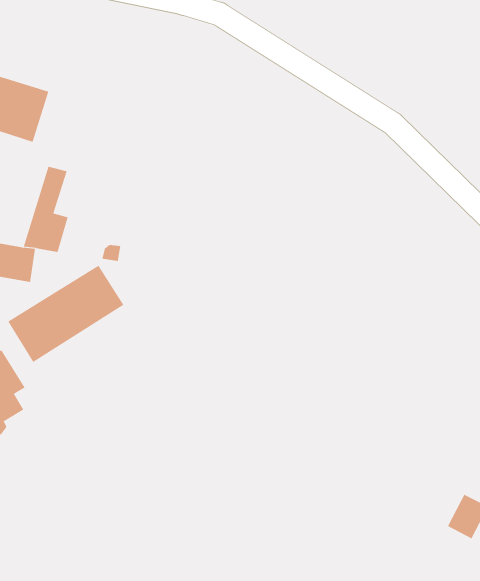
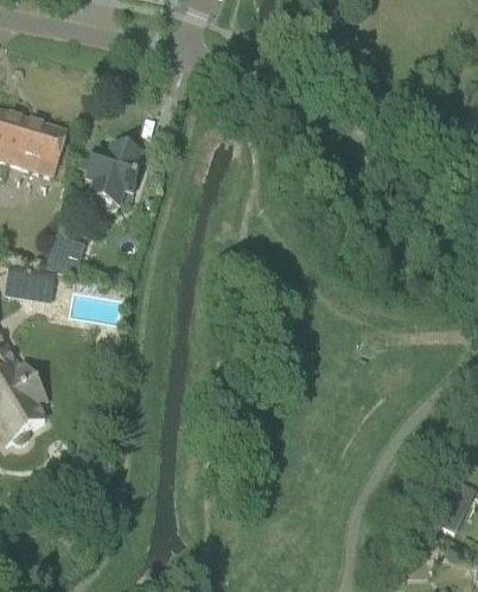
building: none -> [88,142,142,210]
building: [7,265,124,363] -> none

